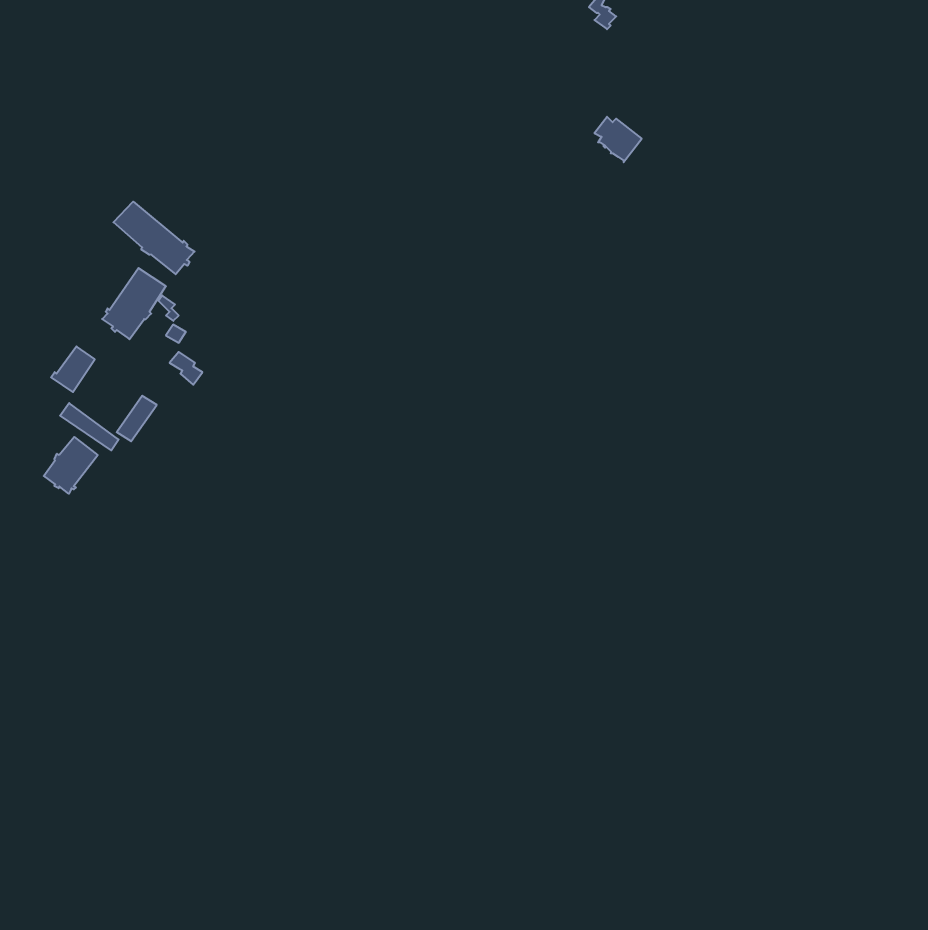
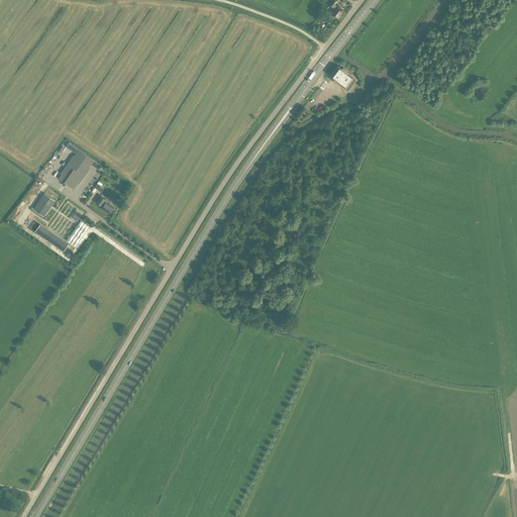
building: [113,202,195,274] -> none
building: [44,437,98,494] -> none

